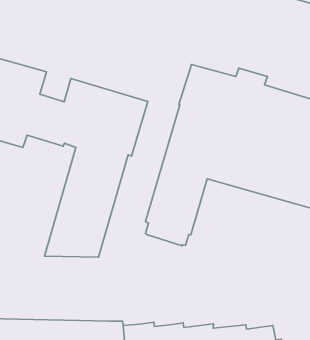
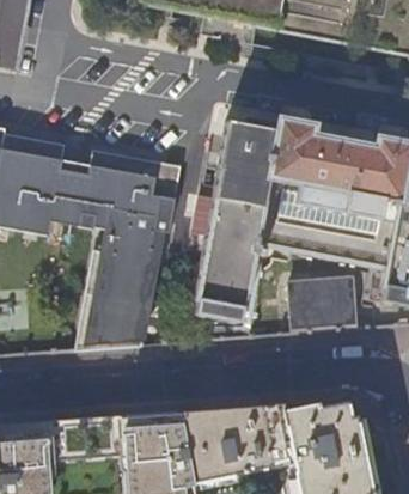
building: none -> [291,276,359,333]

